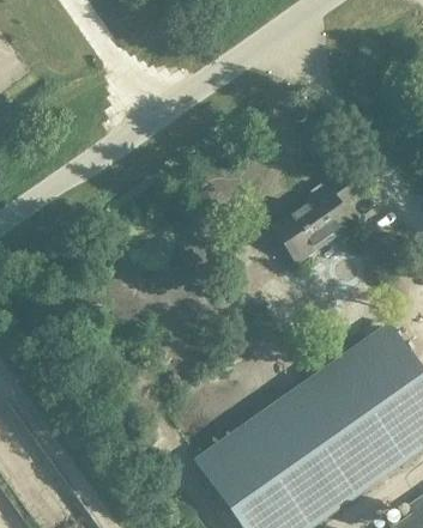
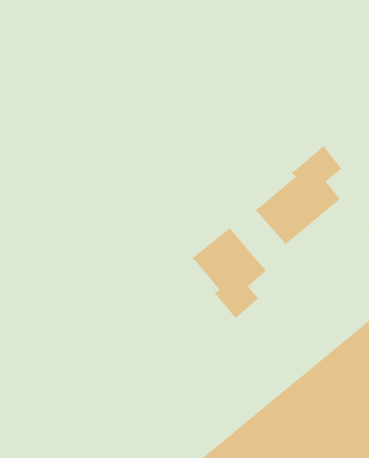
building: none -> [192,227,267,319]

